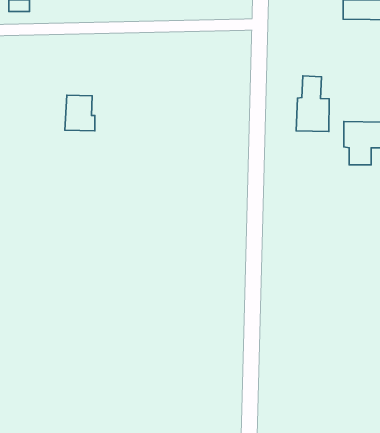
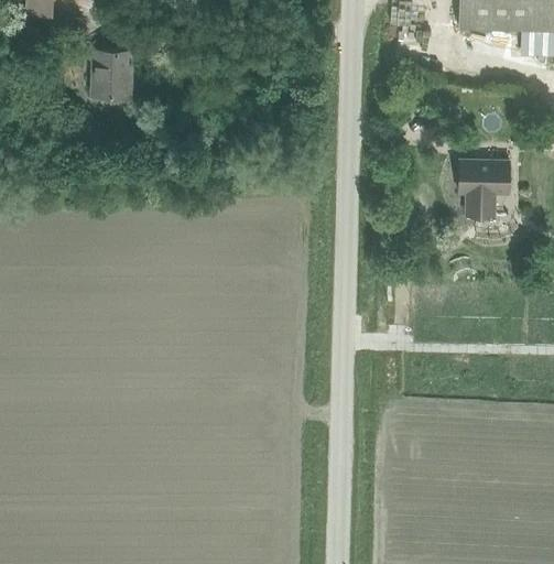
building: [296,76,329,132] -> none
building: [65,95,95,131] -> [93,51,131,97]

